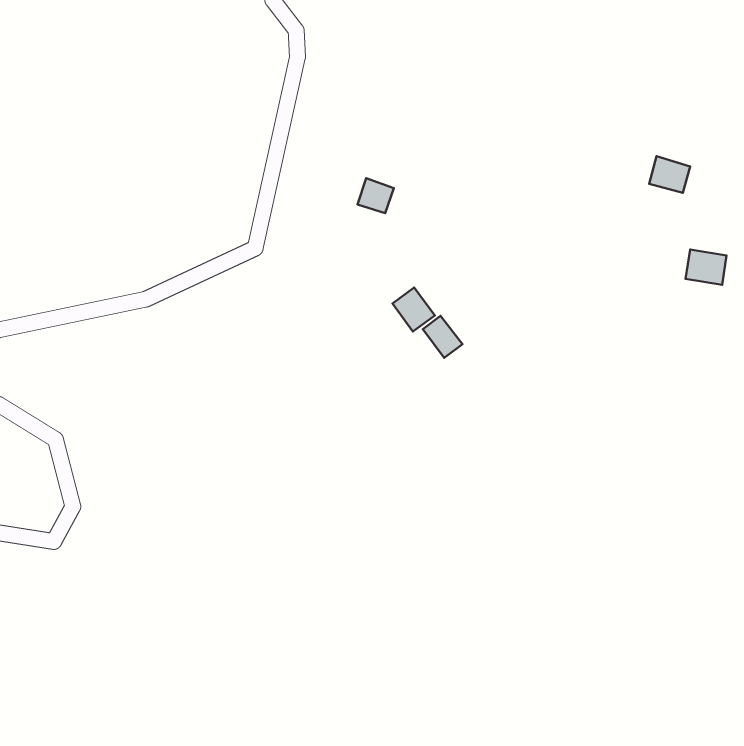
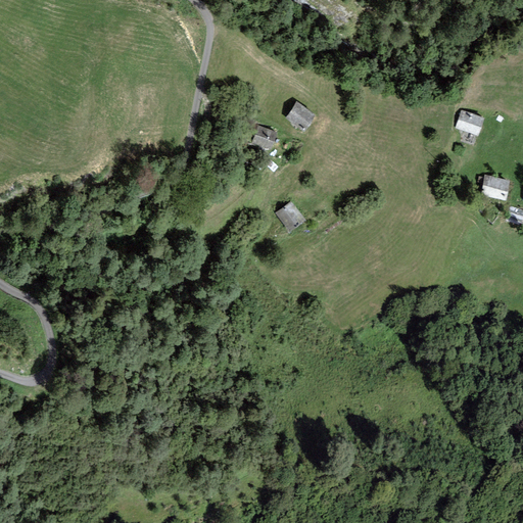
building: none -> [284,101,315,131]
building: [423,316,462,358] -> none

